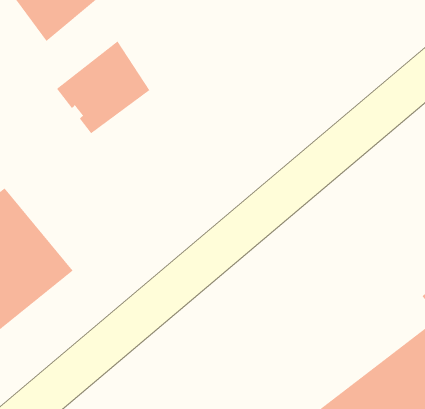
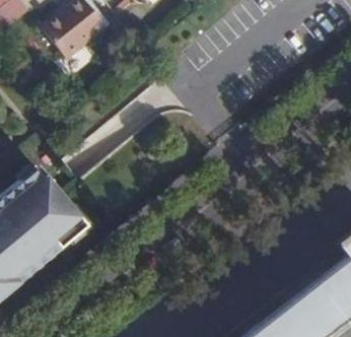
building: [56,40,150,134] -> none

